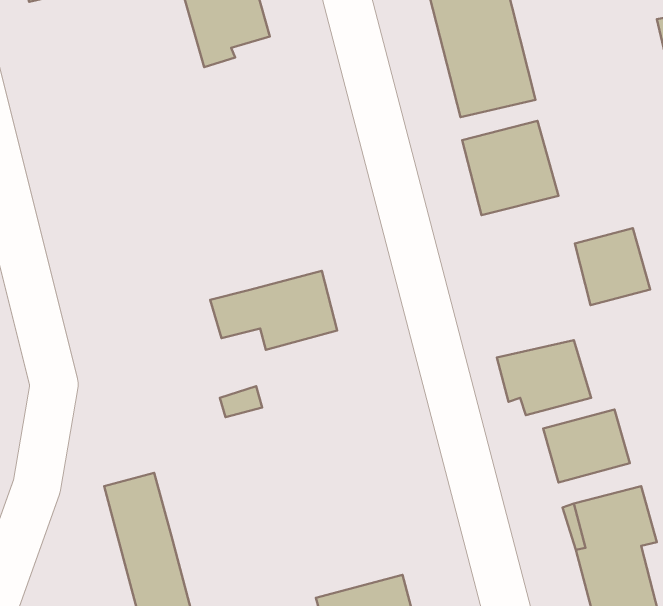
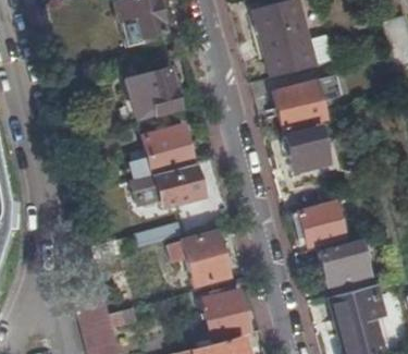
building: none -> [125,68,180,119]
building: none -> [144,125,195,174]
building: [575,228,650,305] -> [287,127,330,171]
building: none -> [164,231,230,285]
building: none -> [201,291,249,341]

